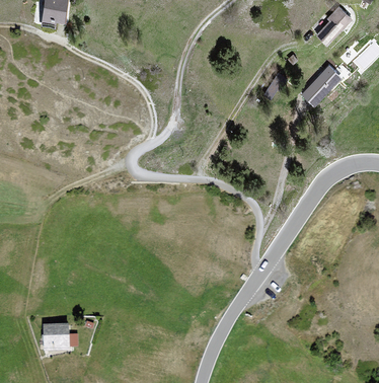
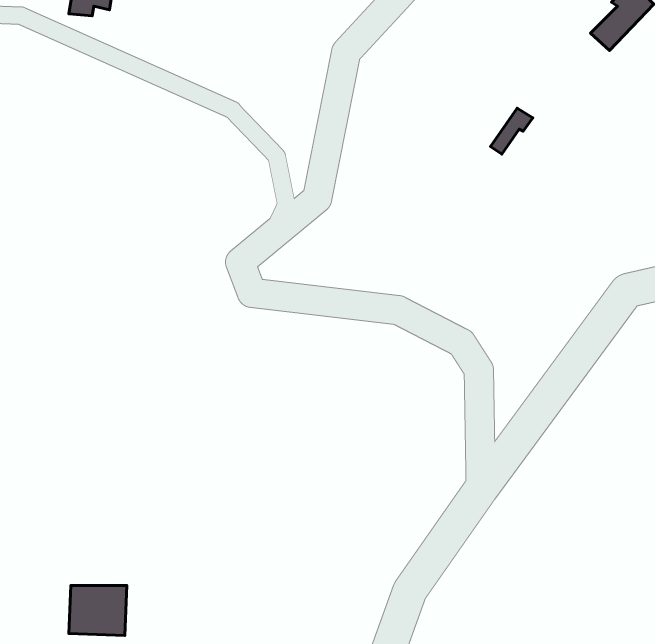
building: [304,67,340,103] -> none

